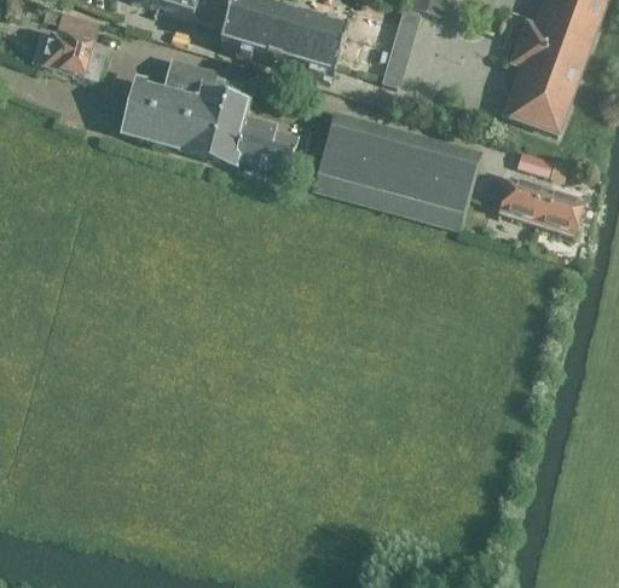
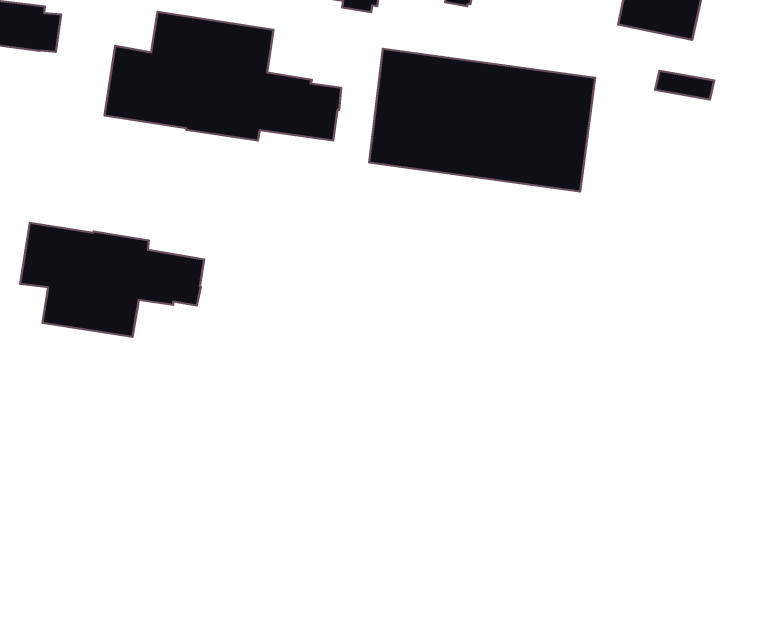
building: [498,177,583,234] -> none
building: none -> [20,223,204,337]

